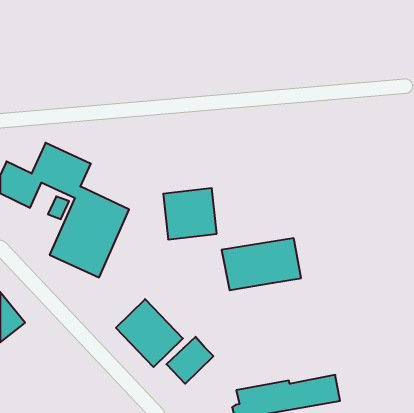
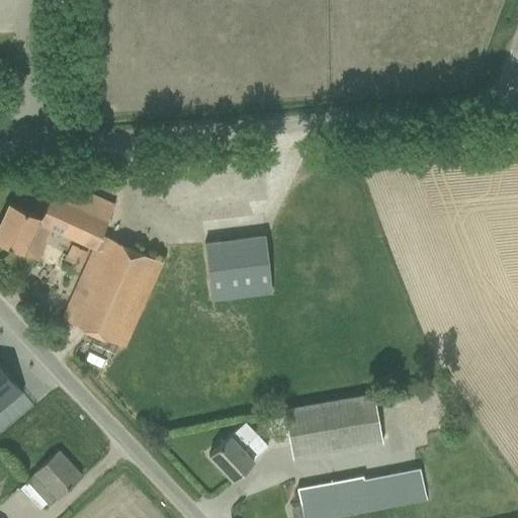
building: [222,238,301,290] -> [282,395,381,459]
building: [116,299,183,367] -> none
building: none -> [18,452,81,511]

